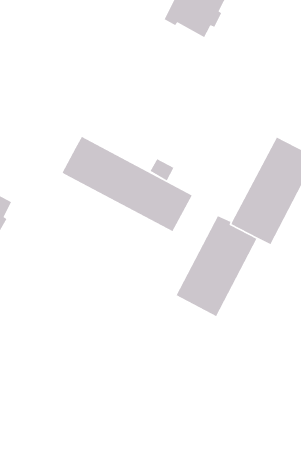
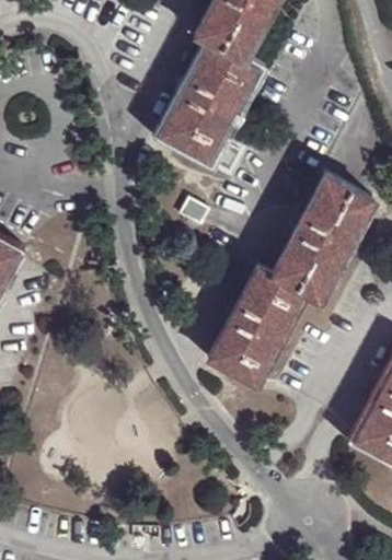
building: none -> [161,43,258,175]
building: [61,136,193,232] -> none

